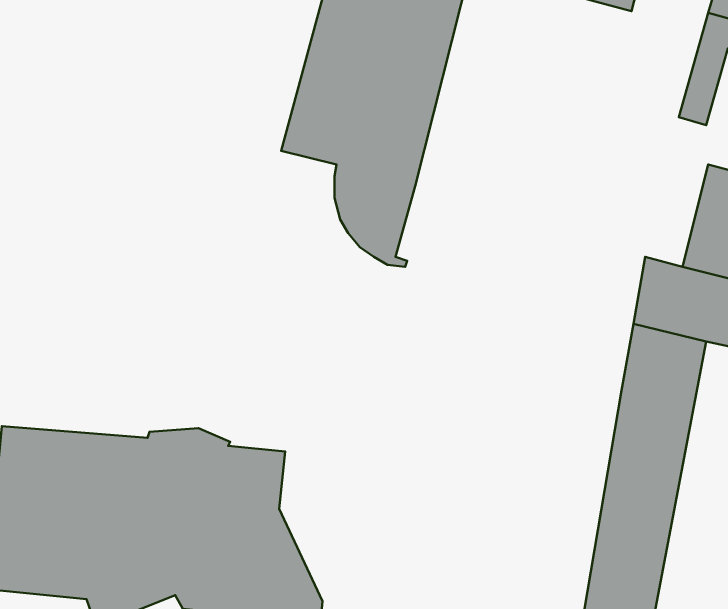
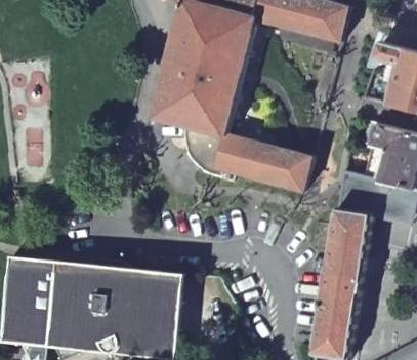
building: none -> [211,131,306,190]
building: none -> [151,270,180,348]

